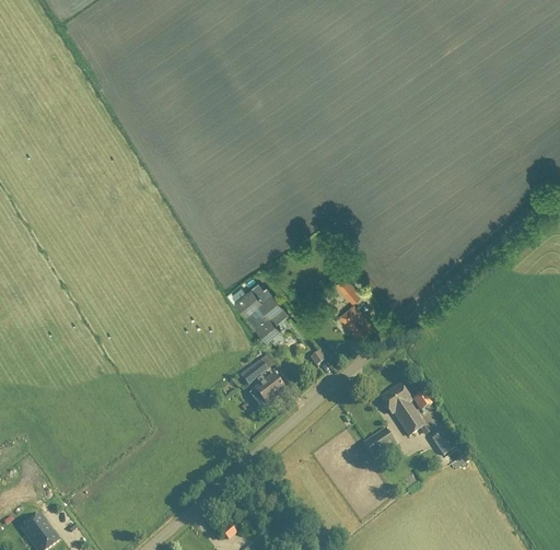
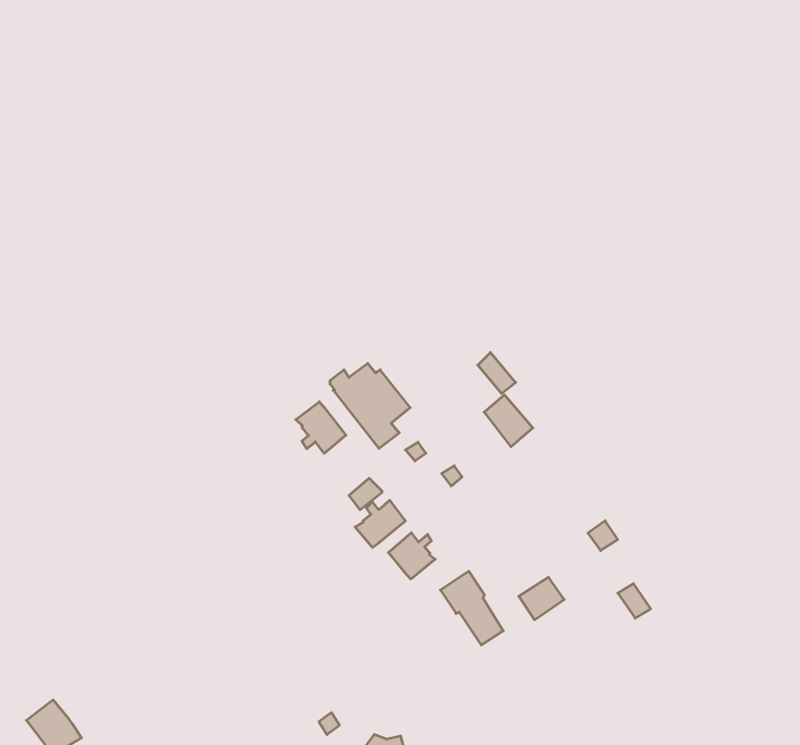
building: none -> [296,402,346,453]
building: [378,385,422,436] -> [440,571,503,645]
building: none -> [388,533,435,579]

